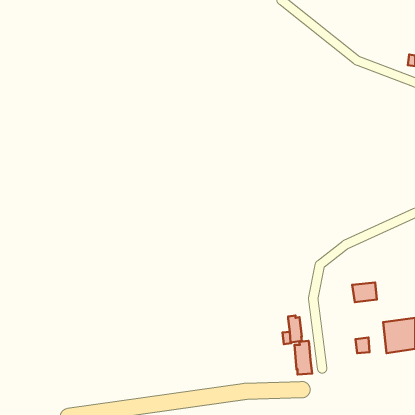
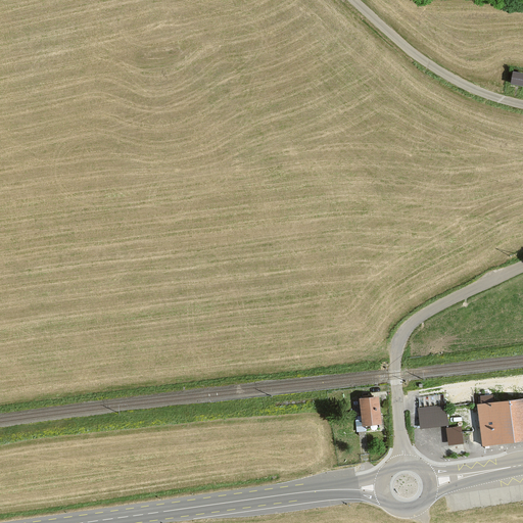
building: [352,282,377,302] -> [418,403,448,428]
building: [295,341,312,374] -> none

